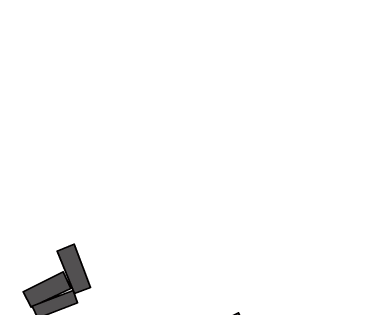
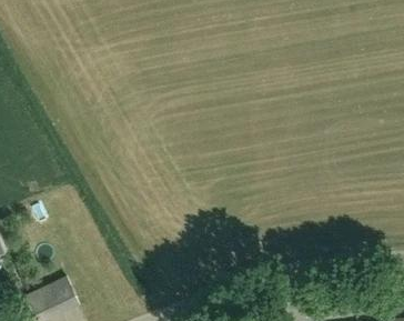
building: [57,244,91,294] -> none

